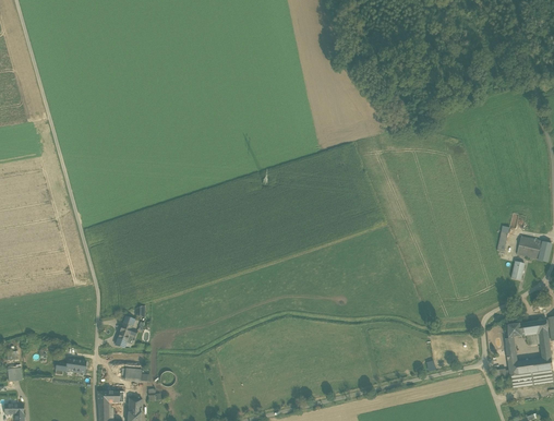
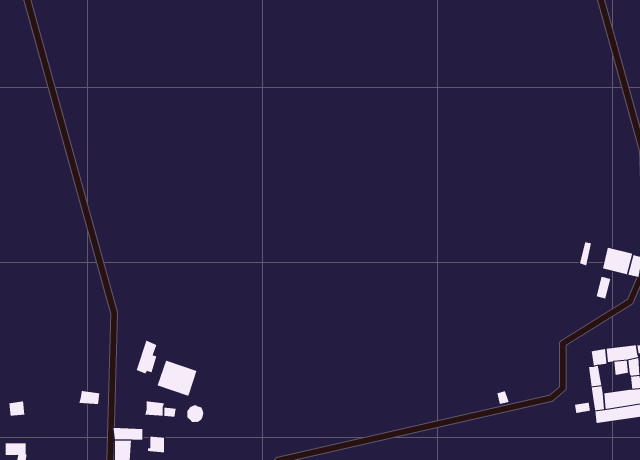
building: none -> [157,360,197,396]

